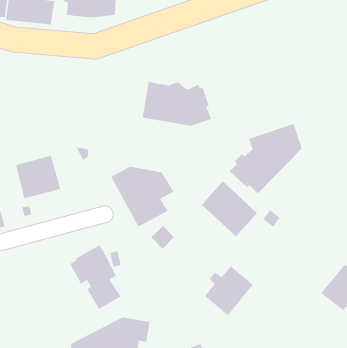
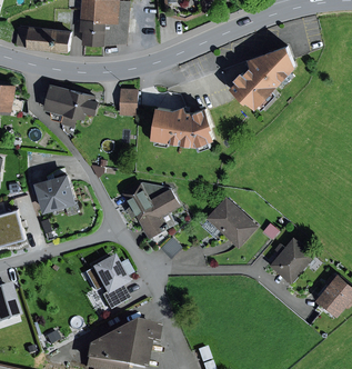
building: none -> [43,84,98,129]
building: none -> [119,89,138,116]
building: [229,123,303,194] -> [229,43,296,109]
building: [204,266,254,316] -> [269,238,314,285]

